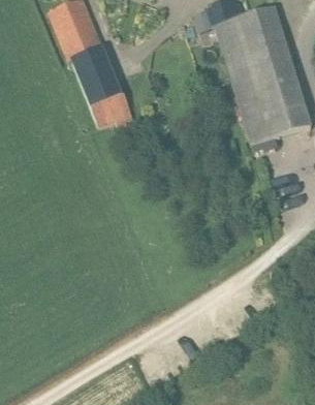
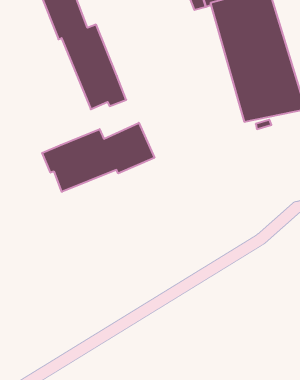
building: none -> [42,123,154,192]

